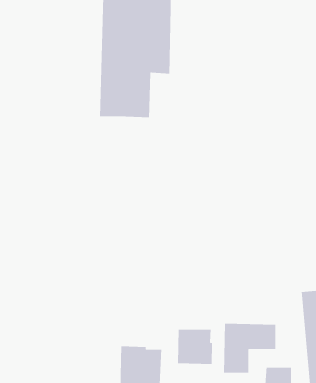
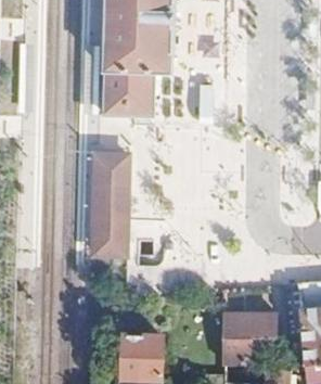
building: none -> [91,154,125,253]
building: [177,329,213,365] -> none

